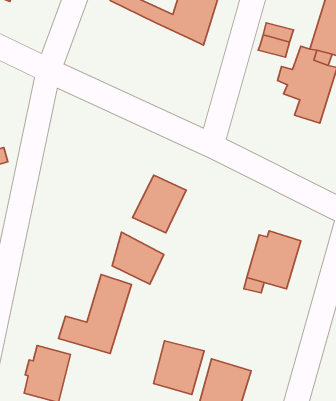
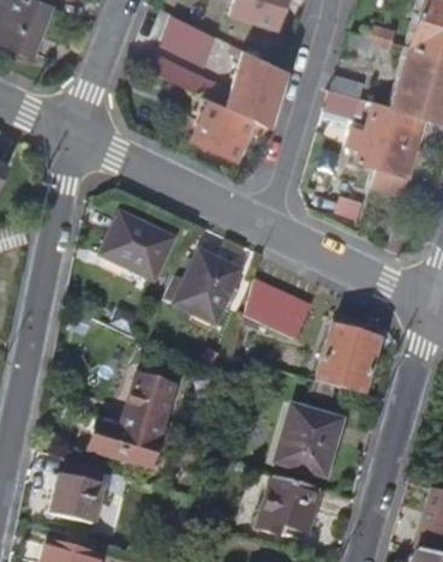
building: none -> [185,78,250,142]
building: none -> [102,216,173,280]
building: [112,232,164,284] -> [245,279,306,340]
building: [153,341,204,395] -> [277,409,337,473]

